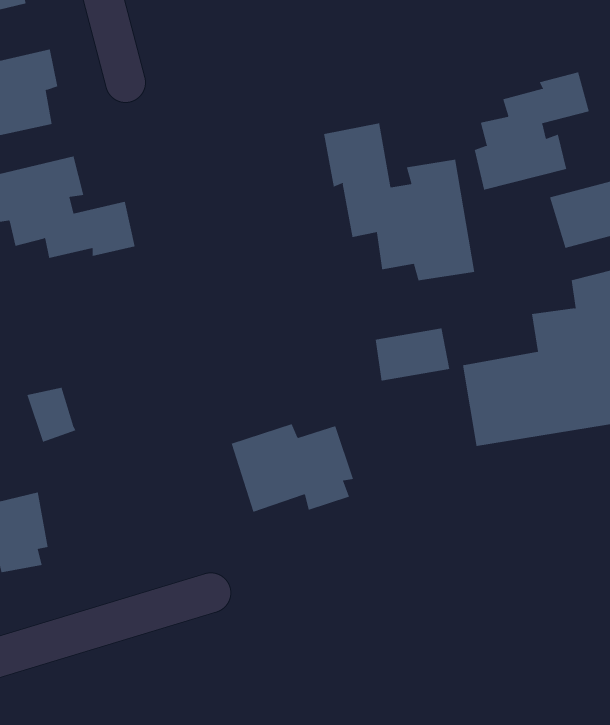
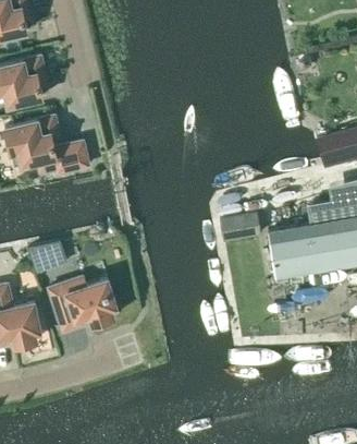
building: [474,71,590,191] -> none
building: [324,123,475,281] -> none
building: [231,424,354,513] -> [49,277,116,326]

